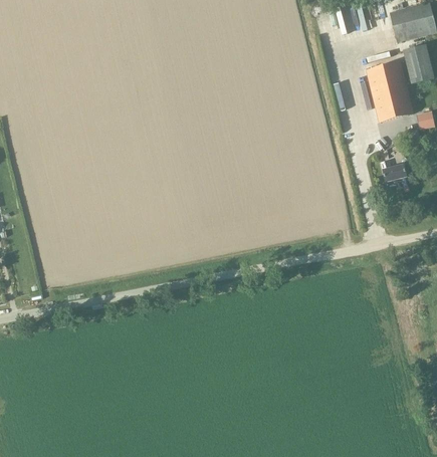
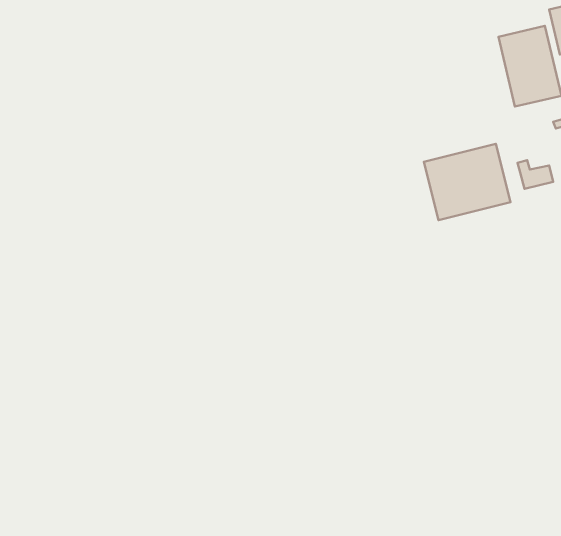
building: none -> [424,144,510,220]

